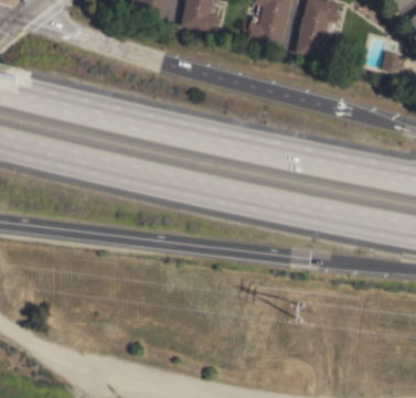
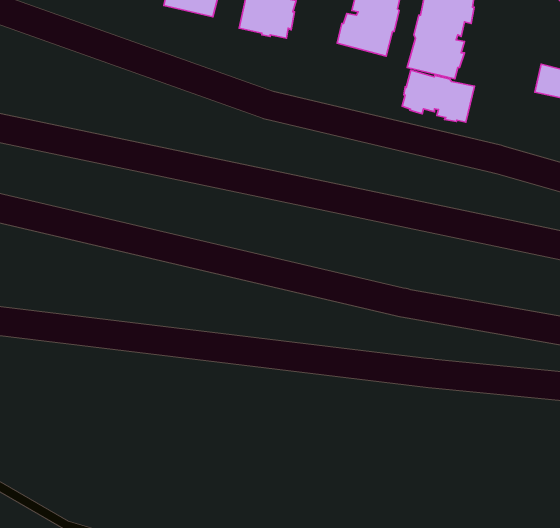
building: none -> [402,70,475,122]

